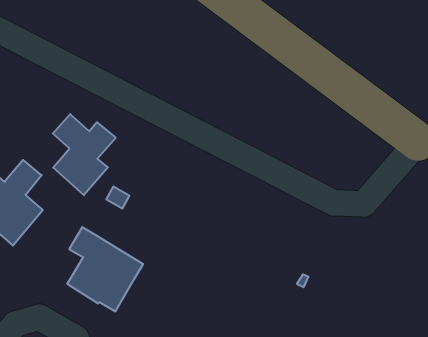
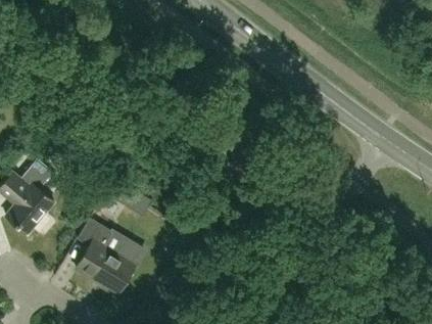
building: [53,114,116,195] -> none

